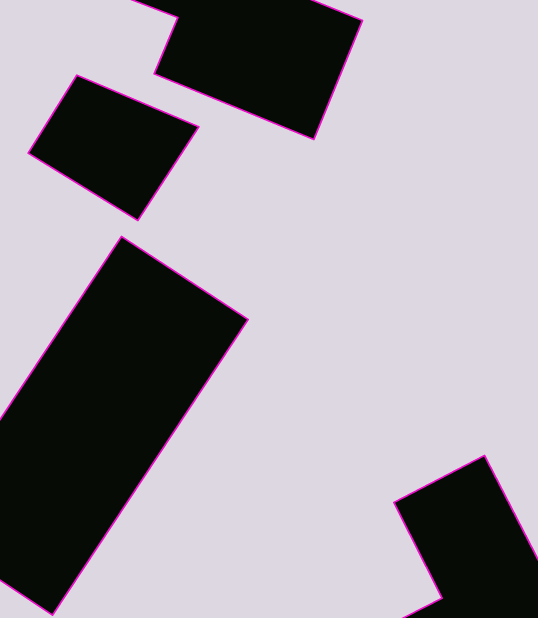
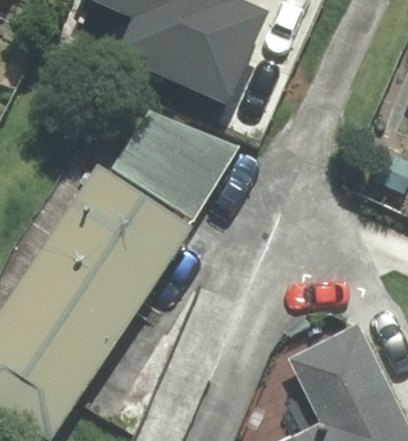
building: [28,75,199,221] -> [111,112,232,215]

